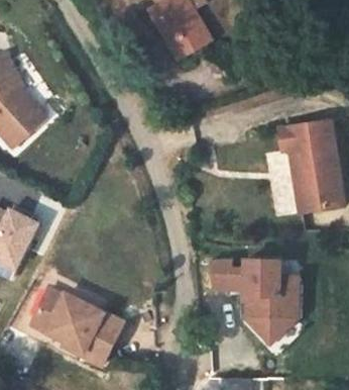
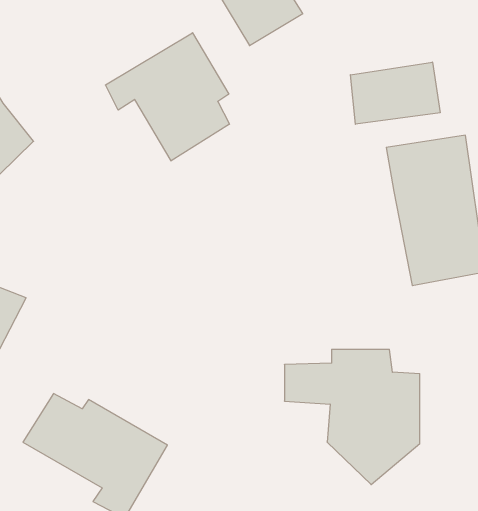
building: none -> [105,33,229,161]
building: none -> [350,62,440,124]

